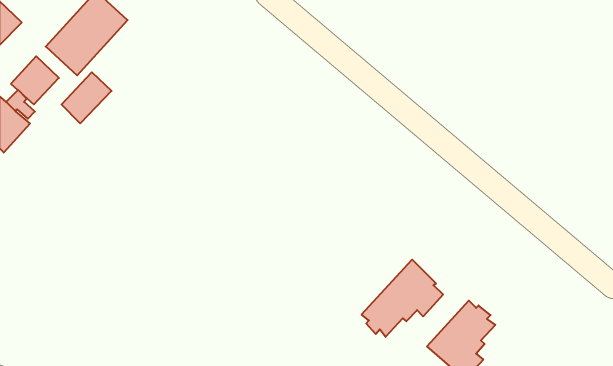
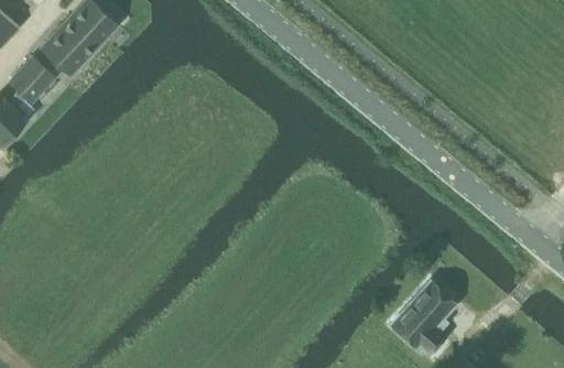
building: [62,72,112,123] -> none
building: [362,260,443,337] -> none

